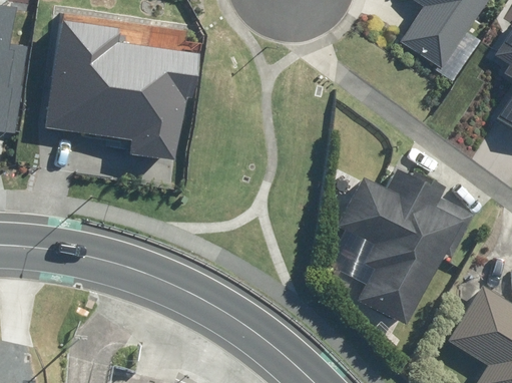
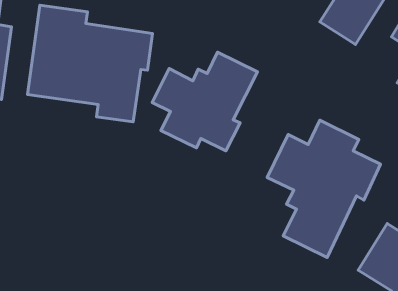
building: none -> [152,52,257,151]

